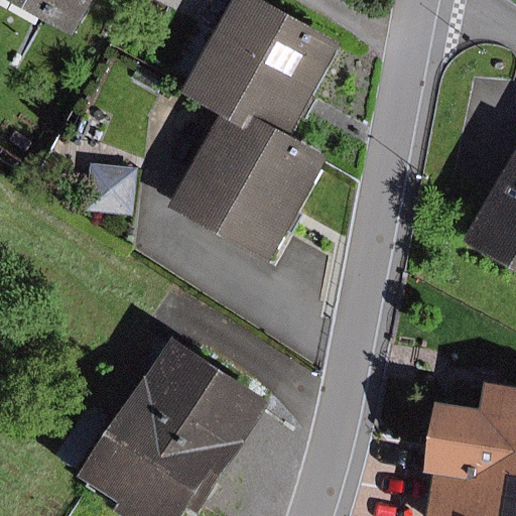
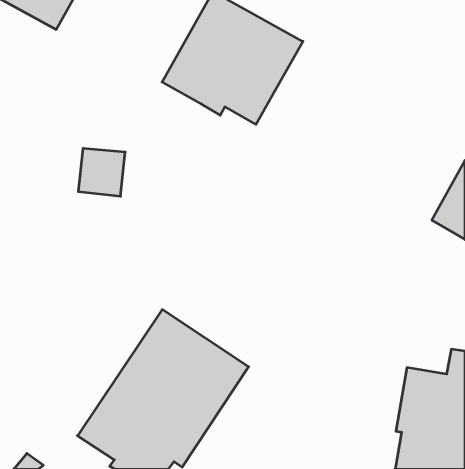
building: [167,114,320,261] -> none

